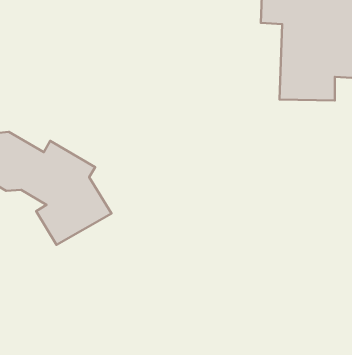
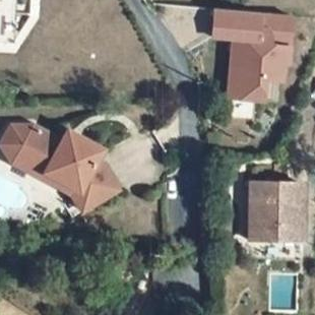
building: none -> [237,184,293,245]

